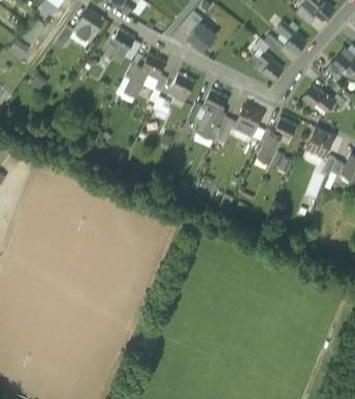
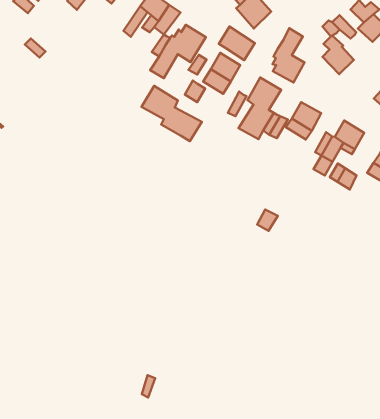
building: none -> [273,28,305,83]
building: none -> [219,27,255,60]
building: none -> [142,86,202,141]

